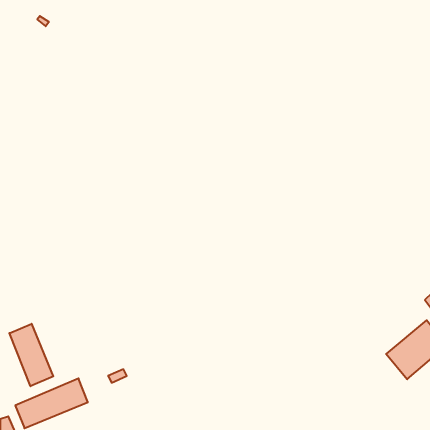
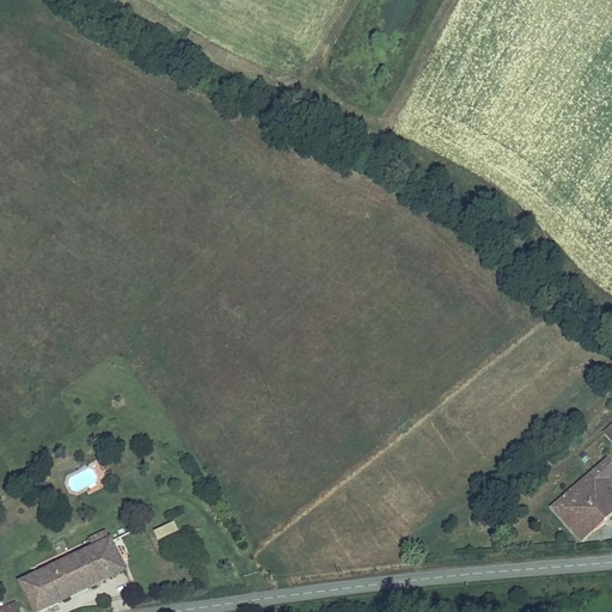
building: [9,324,53,386] -> none

